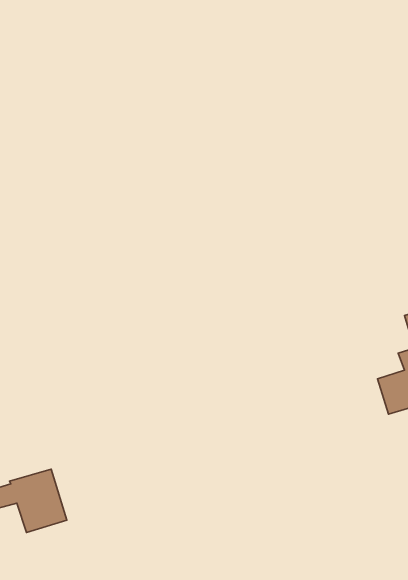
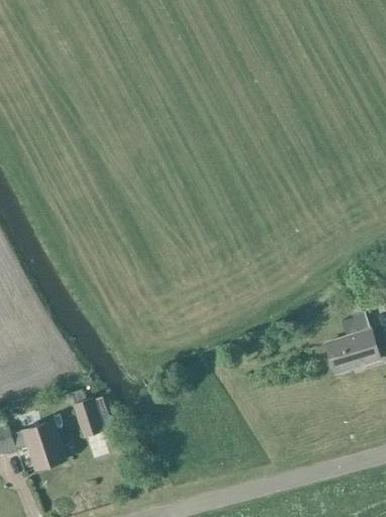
building: none -> [72,397,104,438]

